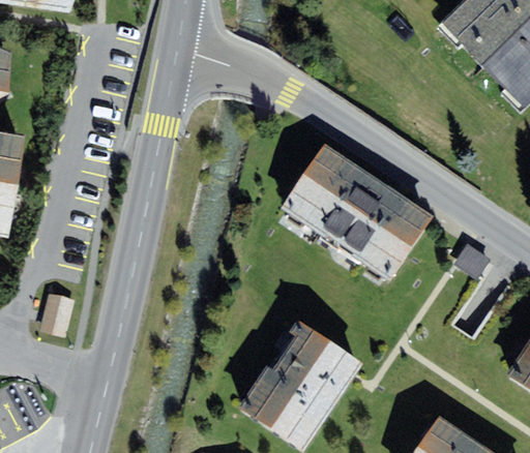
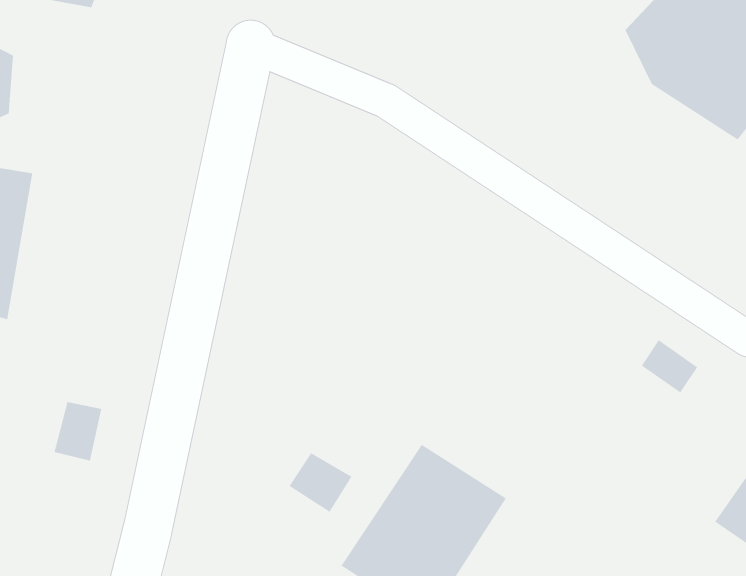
building: [272,145,429,281] -> none
building: none -> [289,452,353,513]

